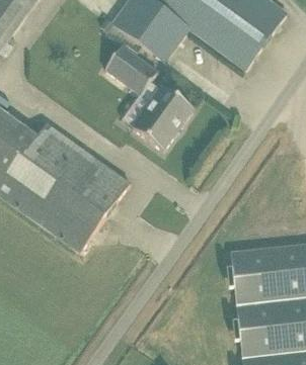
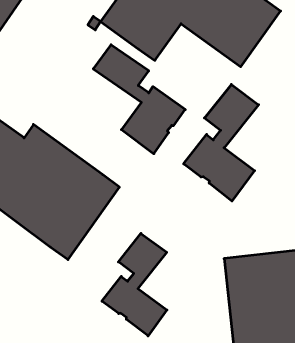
building: none -> [184,84,259,201]
building: none -> [102,233,167,336]

